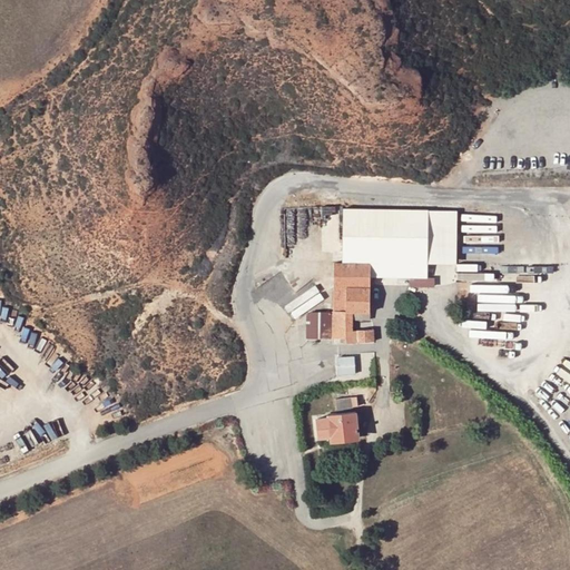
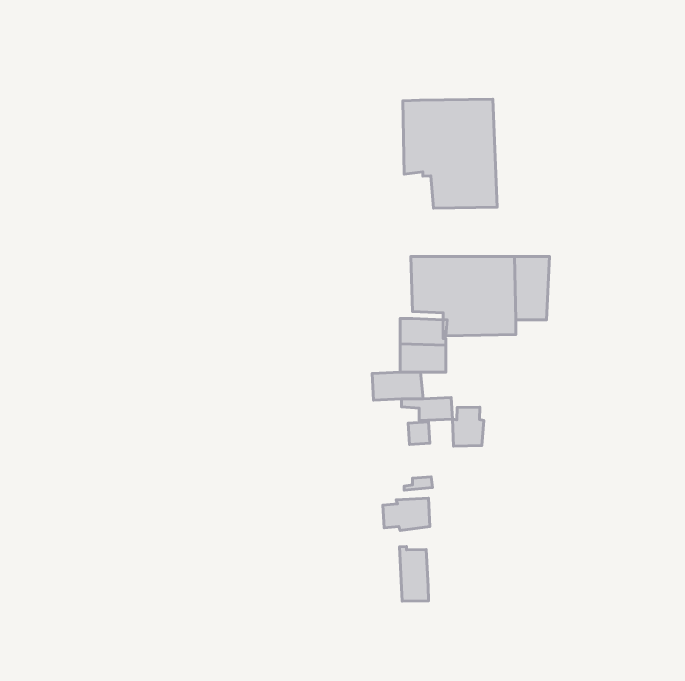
building: none -> [403,99,497,208]
building: none -> [453,407,484,446]
building: none -> [400,547,429,601]

